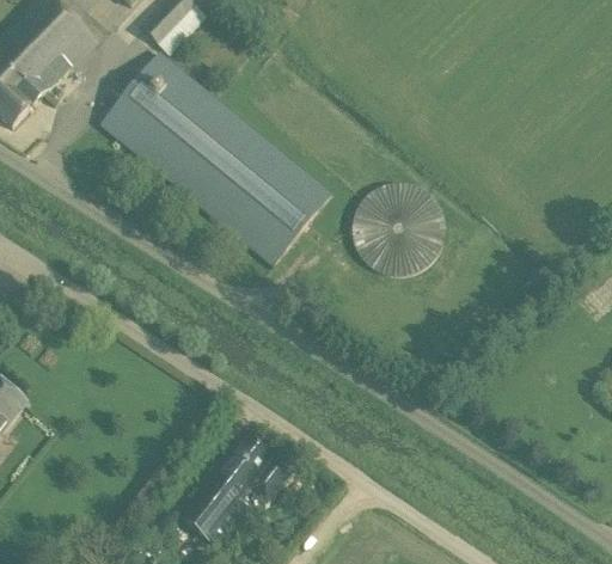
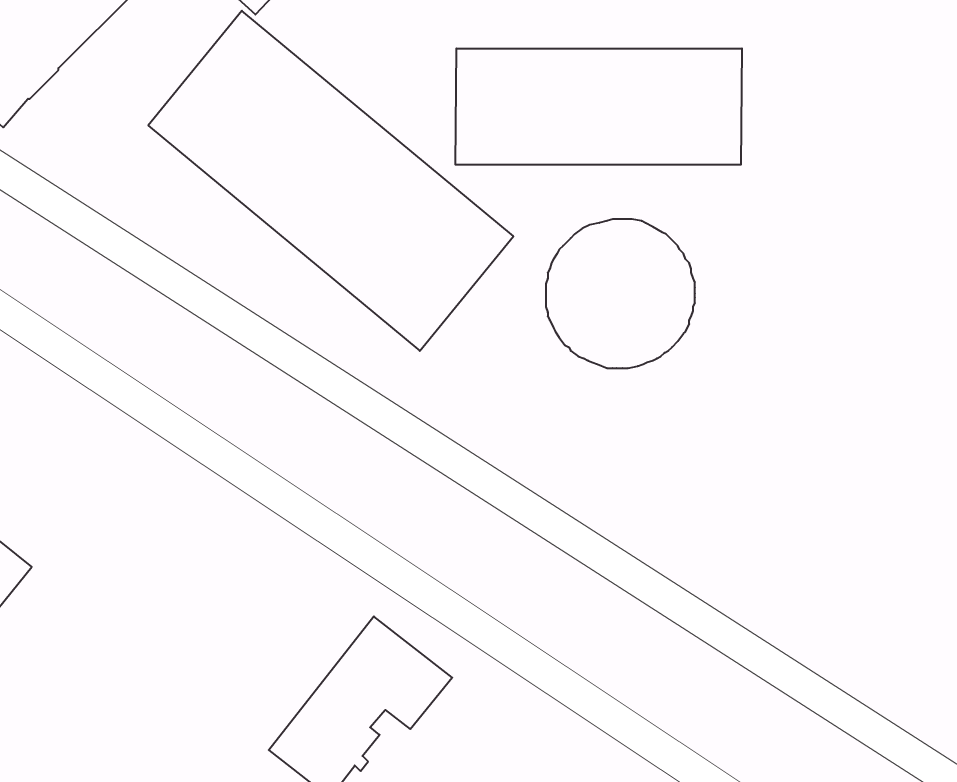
building: none -> [455,48,742,165]

